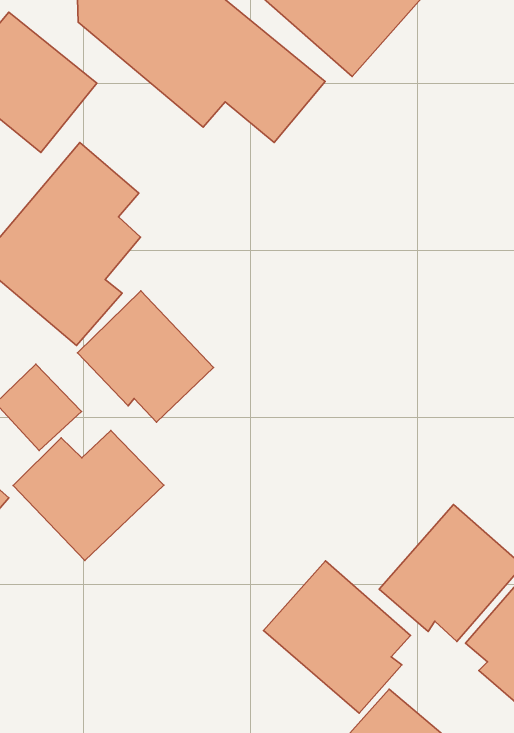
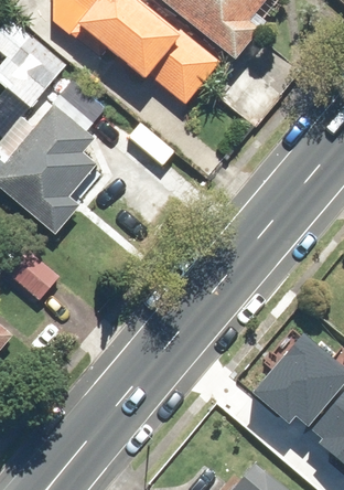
building: [78,291,214,422] -> none
building: [13,430,164,561] -> none
building: [263,561,410,713] -> none

